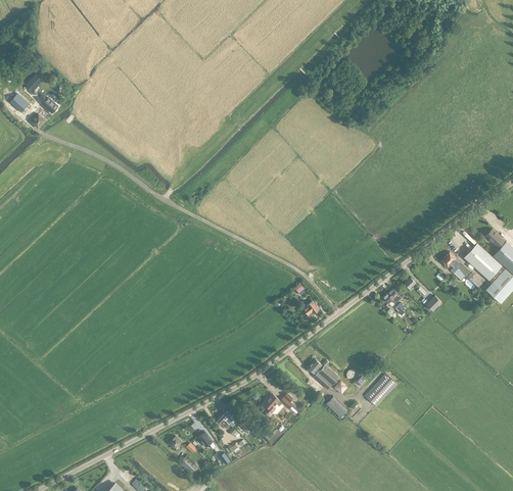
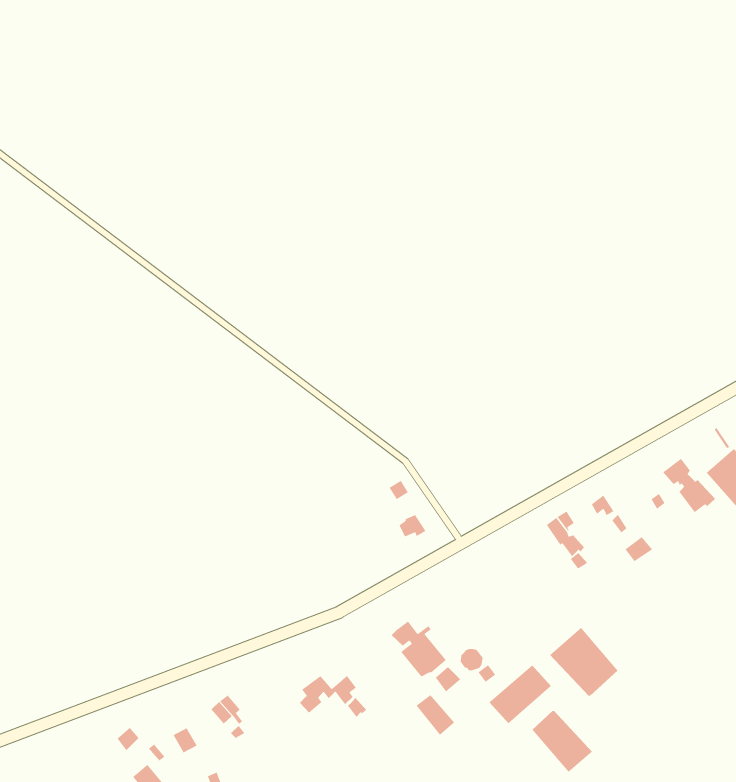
building: none -> [549,627,619,696]
building: none -> [531,710,593,773]

